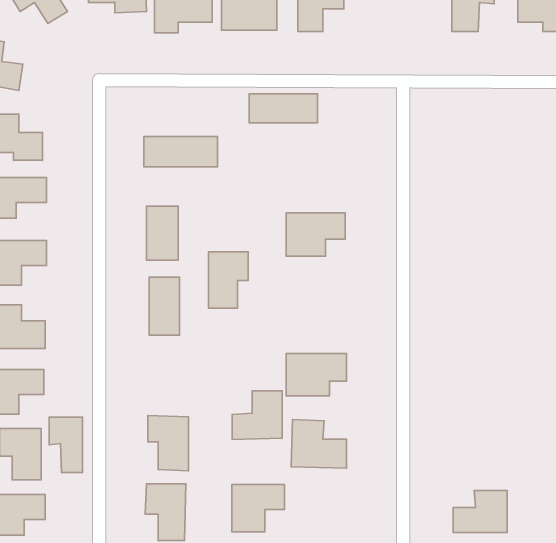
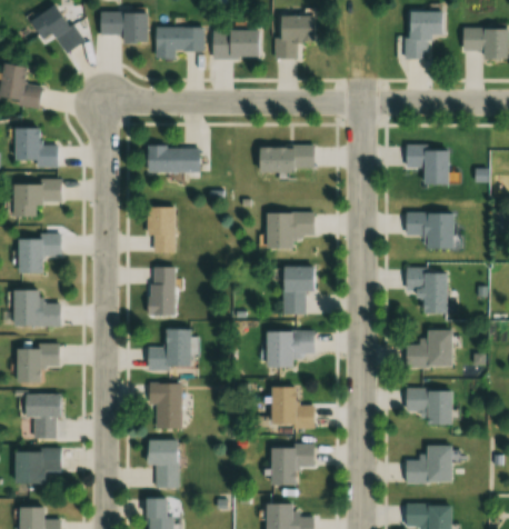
building: [249,94,318,123] -> [257,147,315,171]
building: none -> [406,147,448,186]
building: none -> [406,212,452,249]
building: [209,252,248,308] -> [282,267,316,315]
building: none -> [407,267,447,312]
building: none -> [406,330,452,368]
building: [232,391,282,440] -> [148,329,190,370]
building: [49,417,82,472] -> none
building: none -> [407,389,452,426]
building: [232,484,285,532] -> [271,446,316,486]

